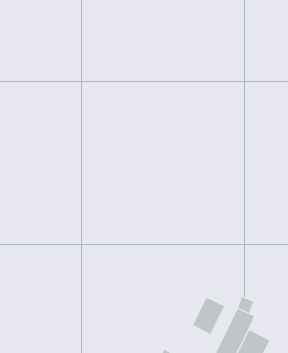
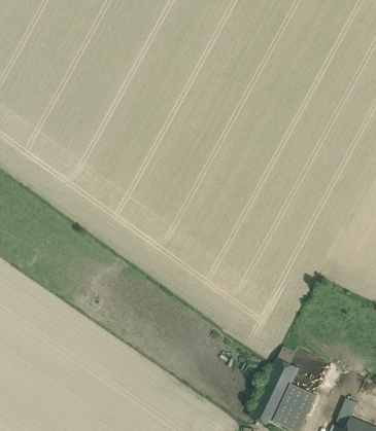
building: [192,297,225,335] -> none

